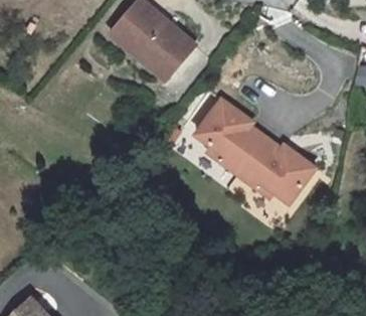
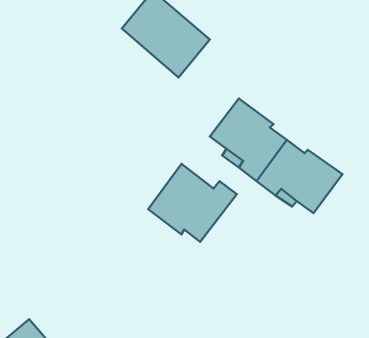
building: none -> [148,164,237,242]

